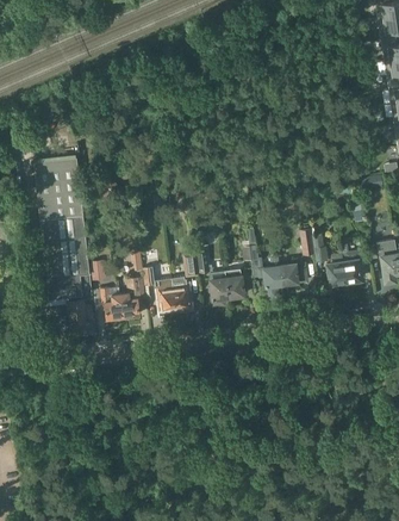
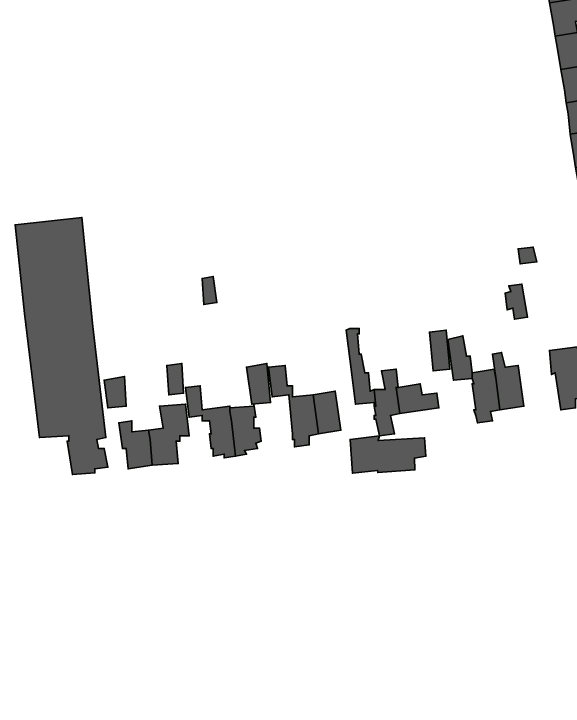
building: none -> [350,436,426,473]

